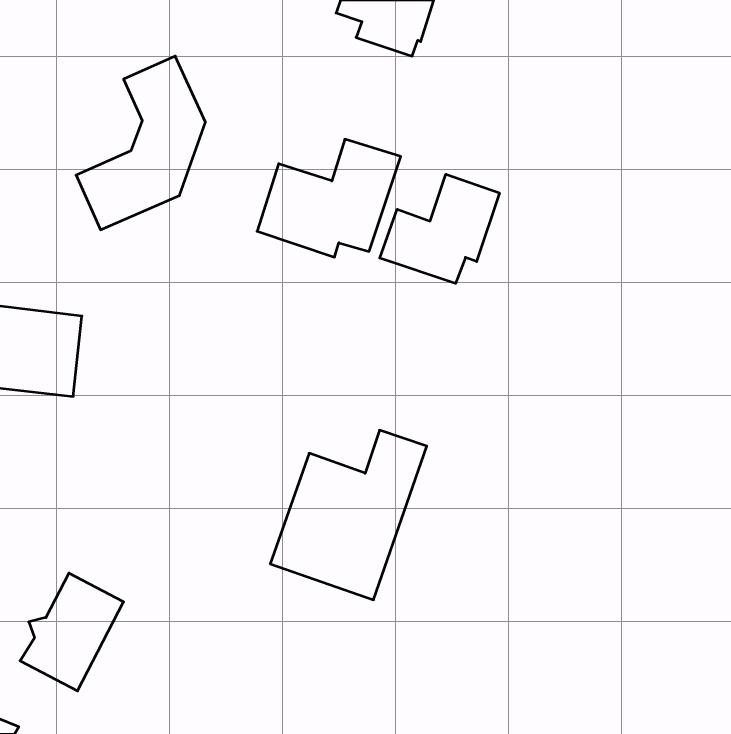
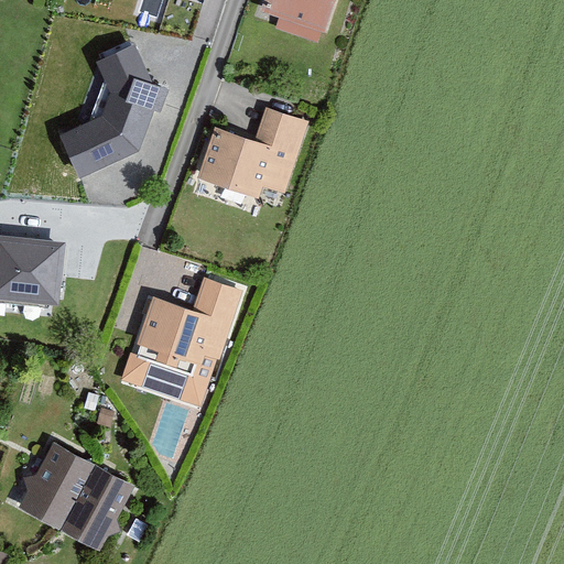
building: [380,174,499,283] -> none
building: [270,430,427,600] -> [120,276,240,406]
building: none -> [59,462,134,552]

